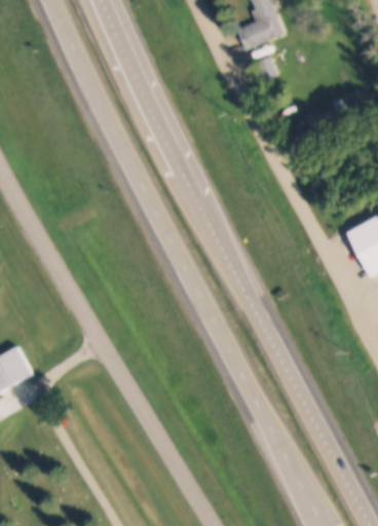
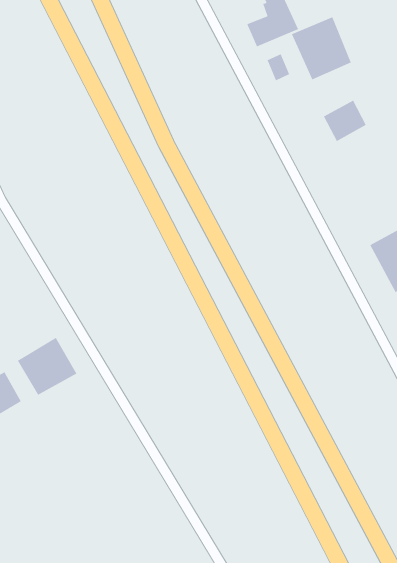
building: none -> [291,16,352,80]
building: none -> [17,337,78,396]

